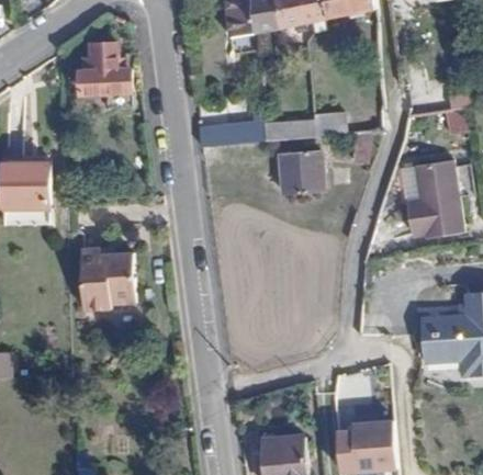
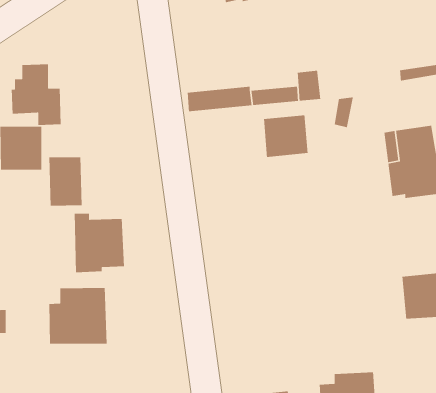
building: [79,42,132,106] -> [11,64,62,126]
building: none -> [48,156,83,206]
building: none -> [48,287,108,344]

